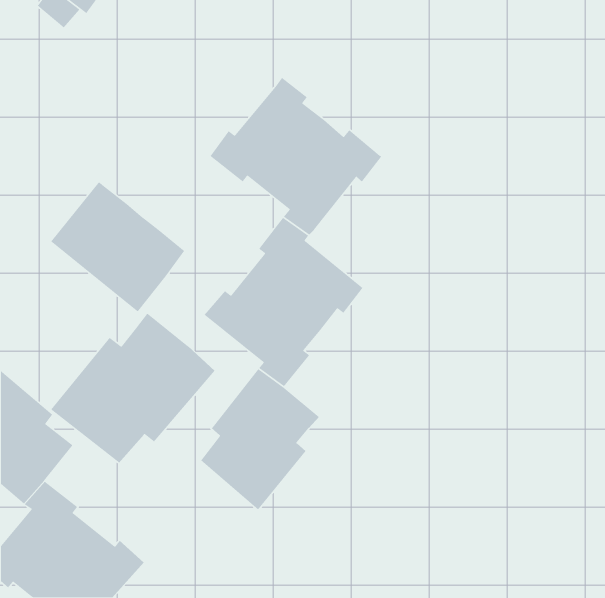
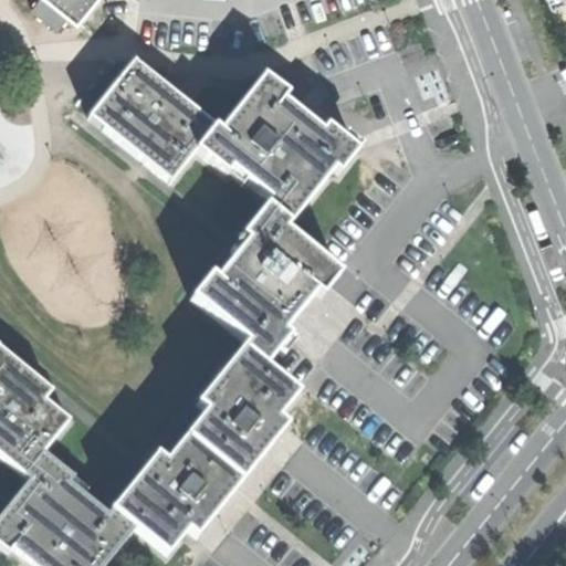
building: [50,181,185,313] -> [87,56,213,179]
building: [50,312,215,463] -> none
building: none -> [112,430,241,551]

